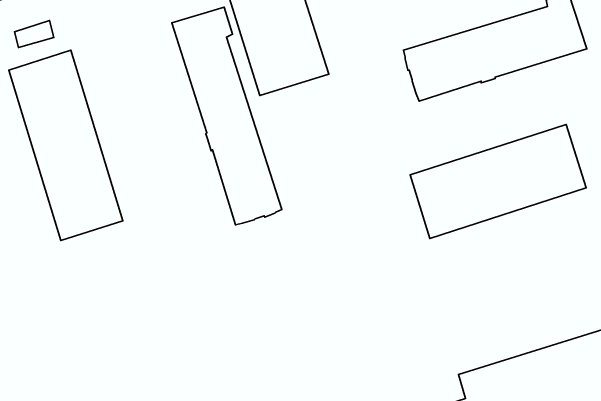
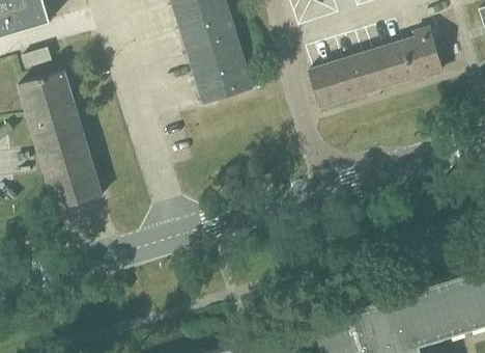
building: [172,7,282,225] -> none
building: [410,124,586,238] -> none

